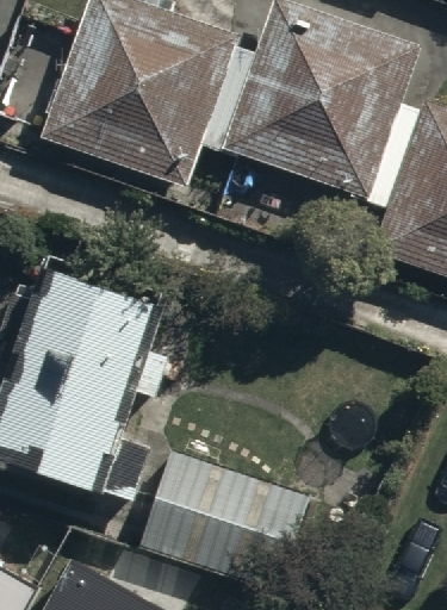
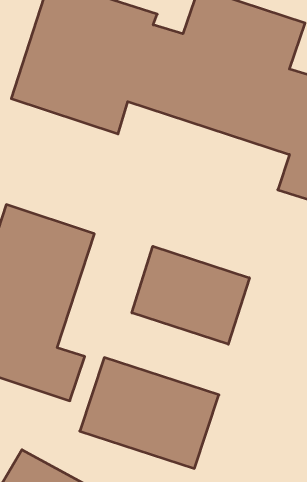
building: none -> [132,246,249,344]

